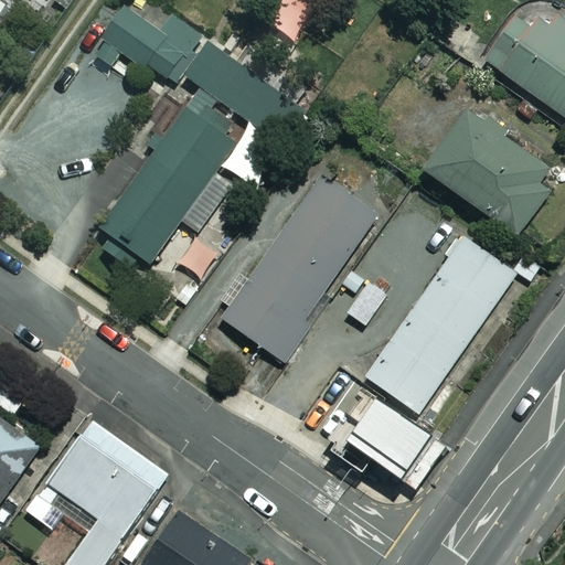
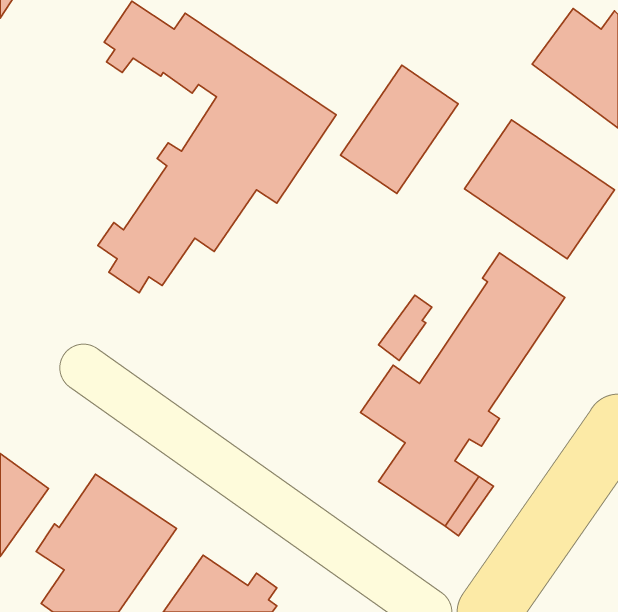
building: none -> [340,65,458,194]
building: [222,177,384,359] -> none

